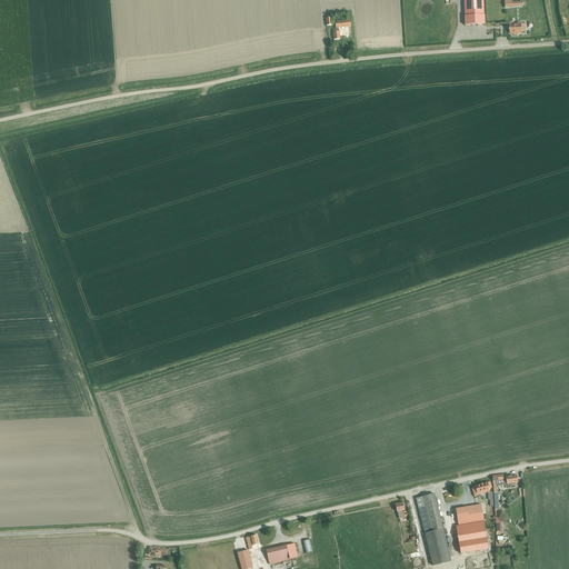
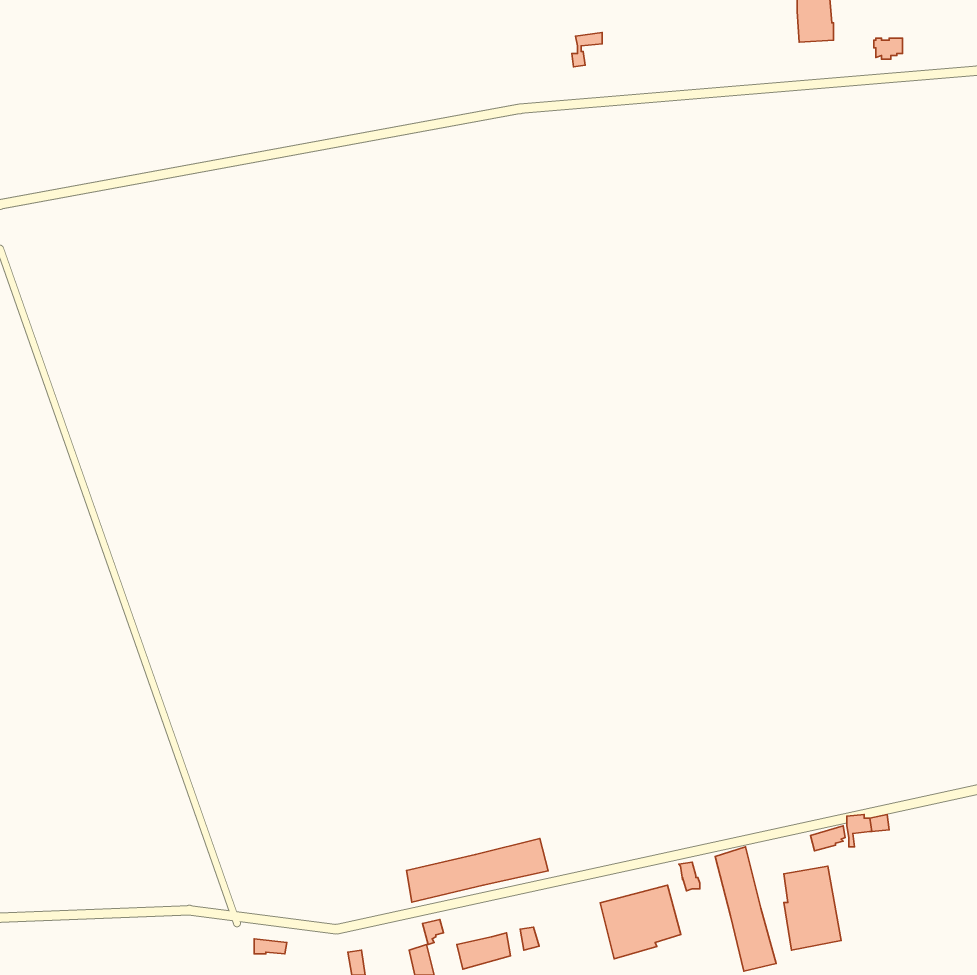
building: none -> [406,838,548,902]
building: none -> [600,885,681,959]

